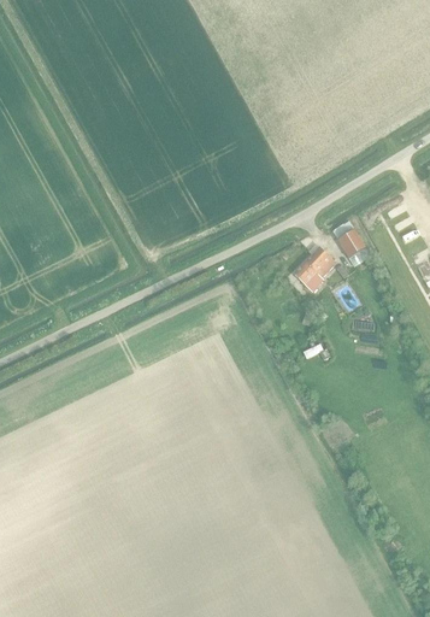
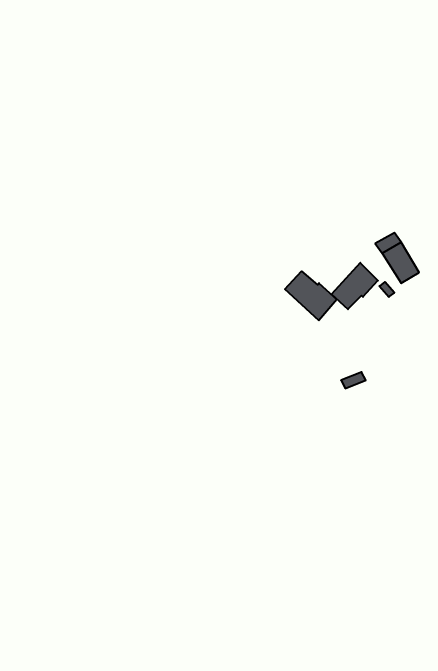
building: none -> [285,271,337,320]

